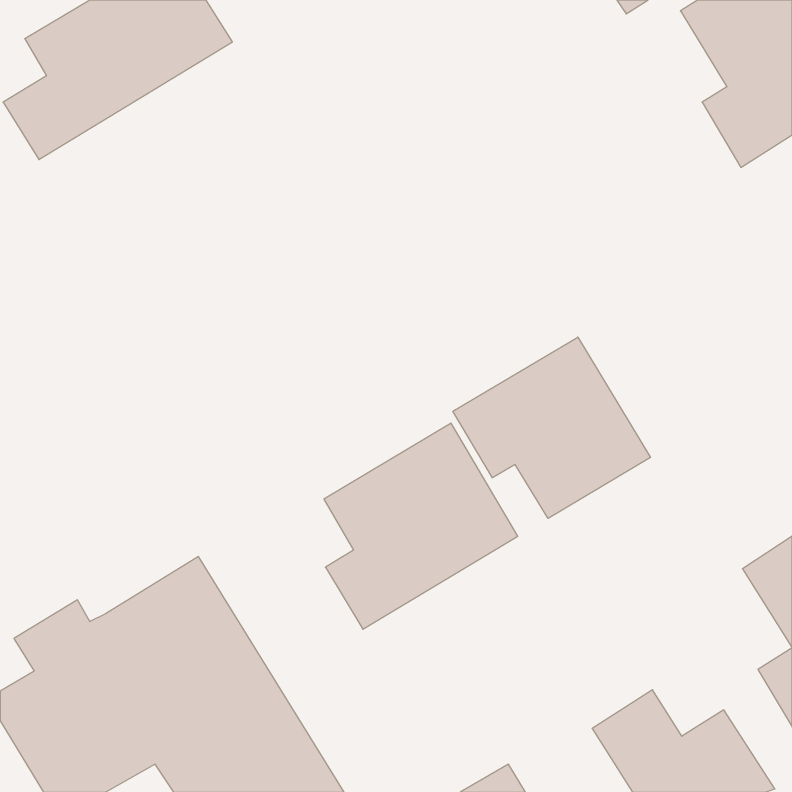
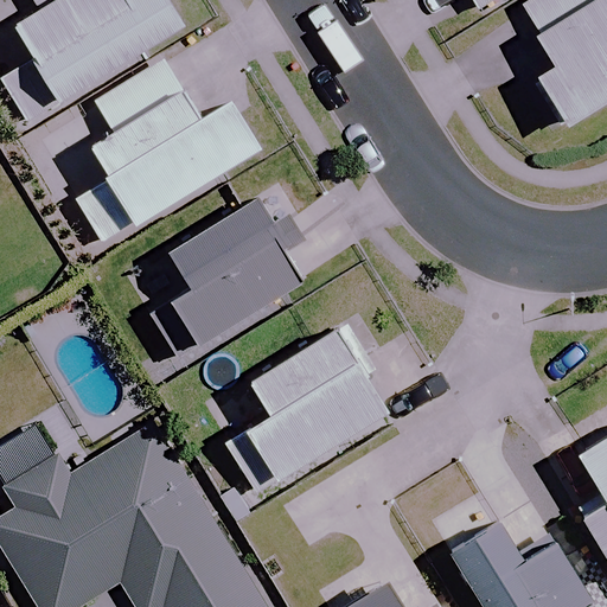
building: none -> [76,59,261,245]
building: none -> [153,205,304,360]
building: [453,337,650,518] -> none

